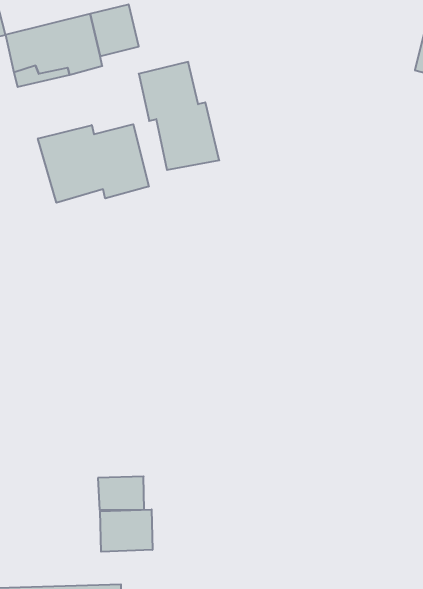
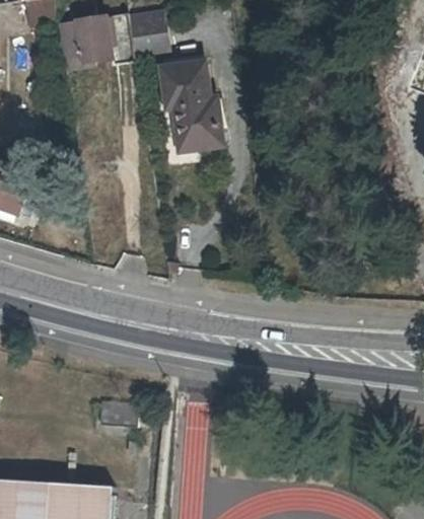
building: [38,124,149,203] -> none
building: [100,509,152,552] -> none

